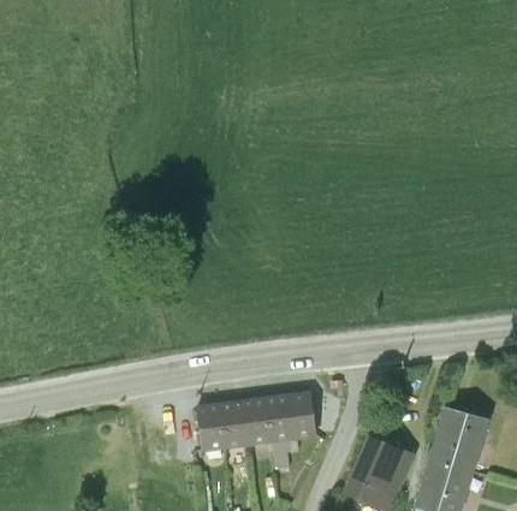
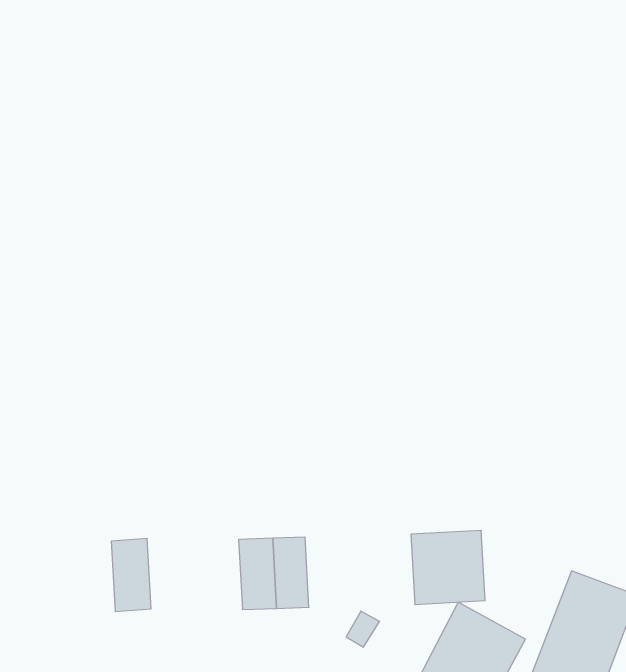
building: [263,391,316,444] -> [411,530,485,604]
building: [195,402,225,452] -> [111,539,151,611]

